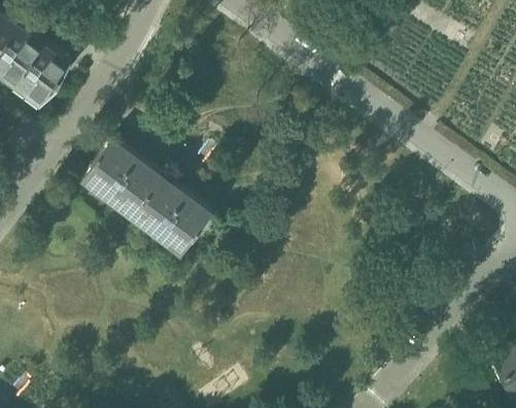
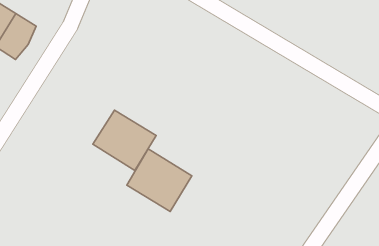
building: [81,142,163,222] -> none
building: none -> [127,149,192,211]

